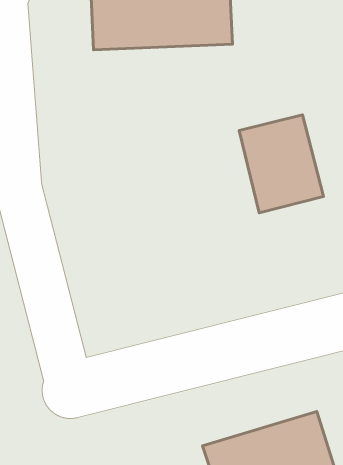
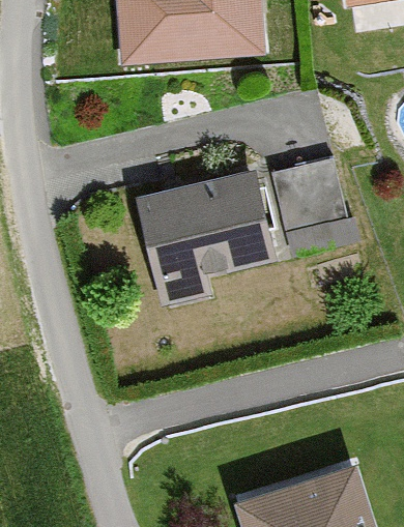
building: none -> [136,170,277,295]

